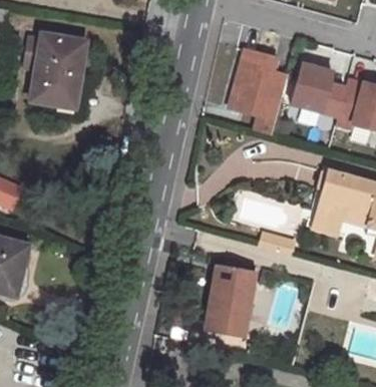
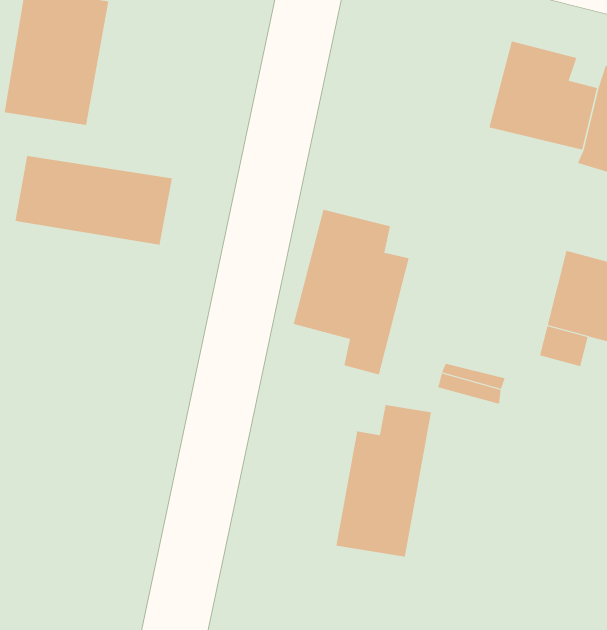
building: [227,46,289,134] -> [293,209,410,375]
building: none -> [15,155,172,246]

